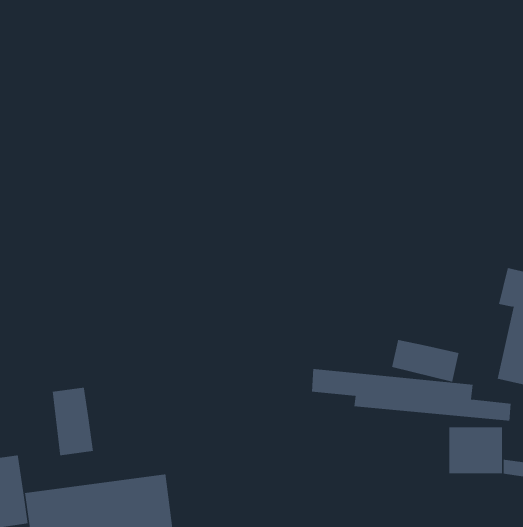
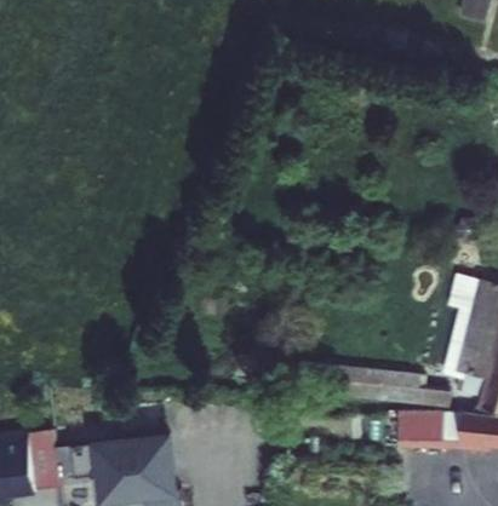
building: [391,339,459,382] -> none
building: [52,387,93,456] -> none

